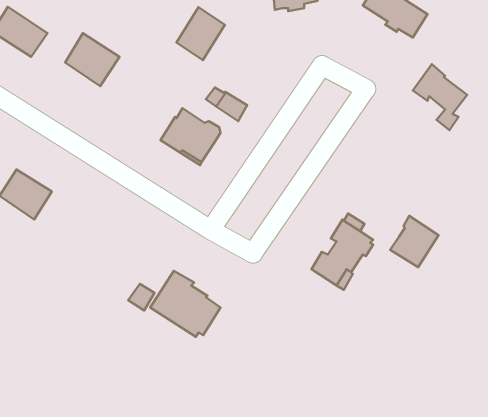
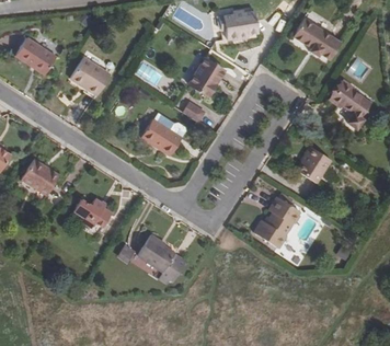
building: [176,7,225,60] -> [187,57,223,96]
building: [390,216,439,267] -> [295,145,331,183]
building: none -> [72,197,111,227]

